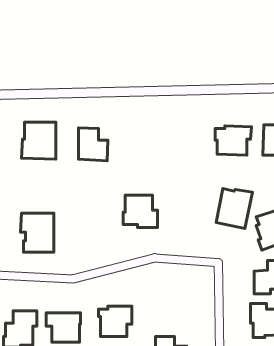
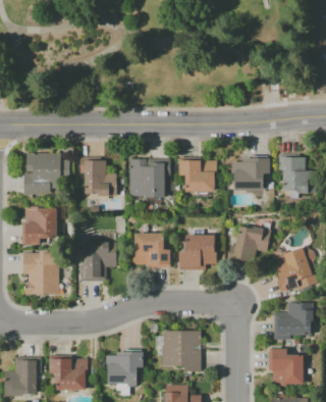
building: none -> [128,159,164,198]
building: none -> [178,160,216,191]
building: none -> [22,206,56,246]
building: none -> [178,235,215,269]
building: none -> [79,241,116,281]
building: none -> [162,331,201,371]

